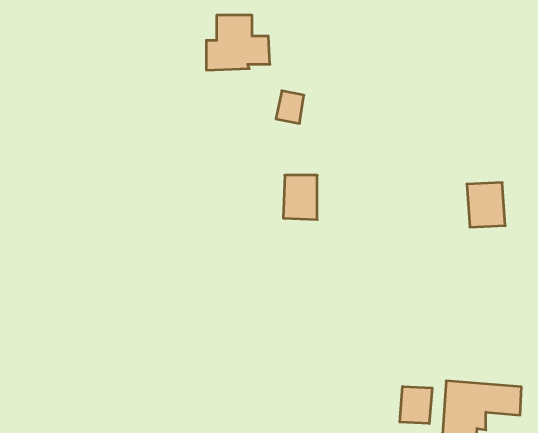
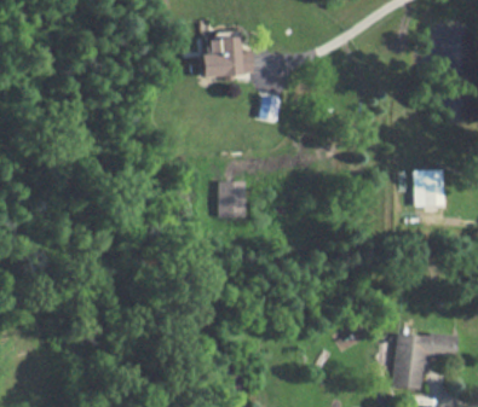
building: [283,175,317,220] -> [218,182,246,219]
building: [400,386,432,424] -> none

